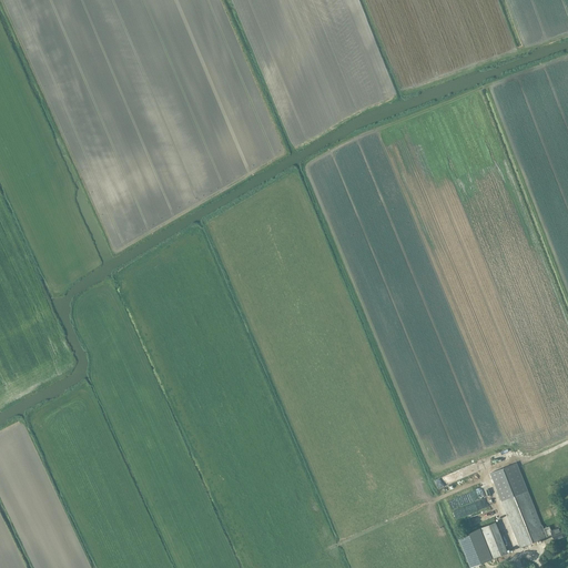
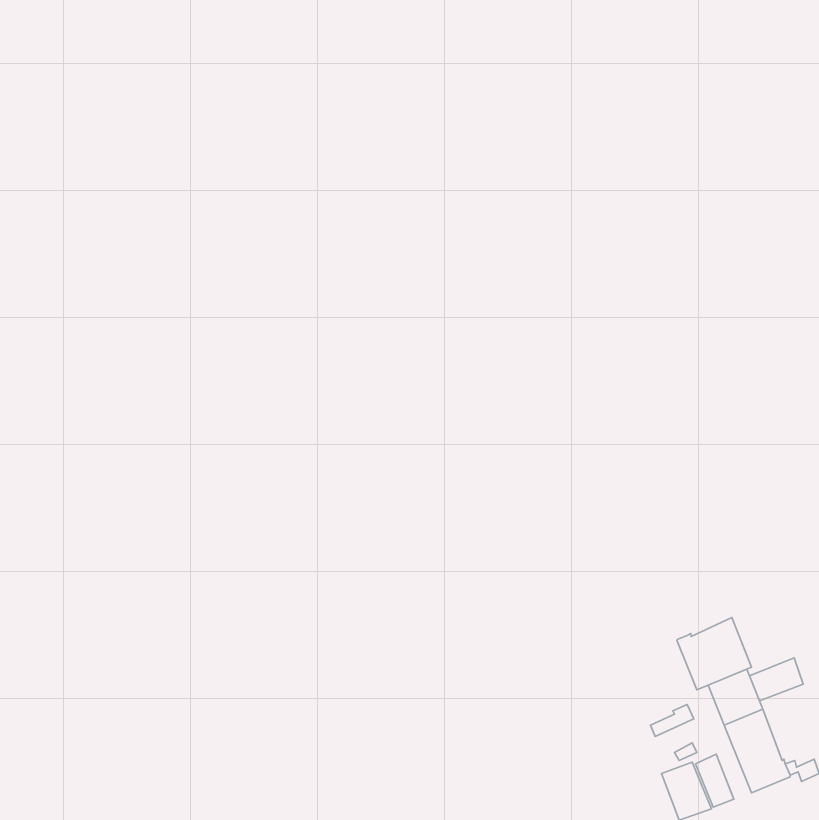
building: none -> [677,617,752,690]
building: none -> [749,658,803,701]

